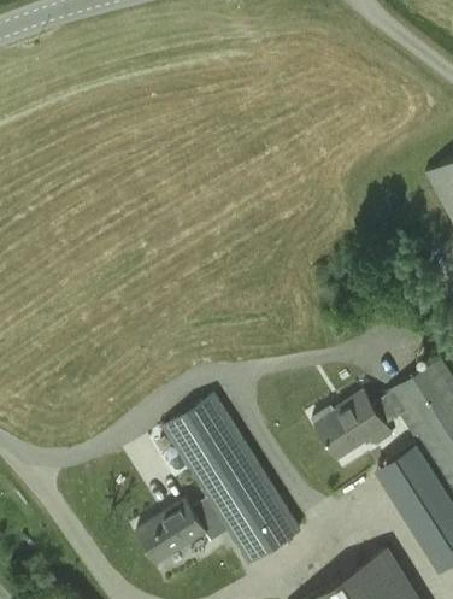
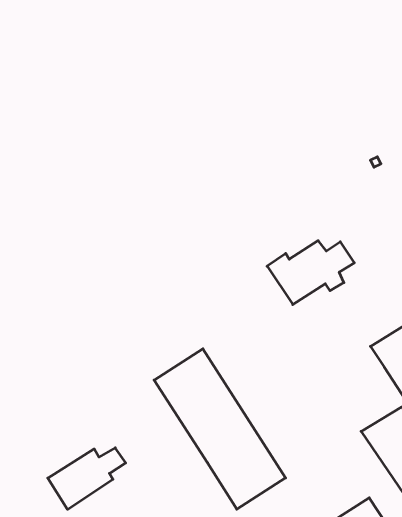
building: [312,393,402,459] -> [267,241,354,305]
building: [139,499,219,563] -> [48,448,126,509]

